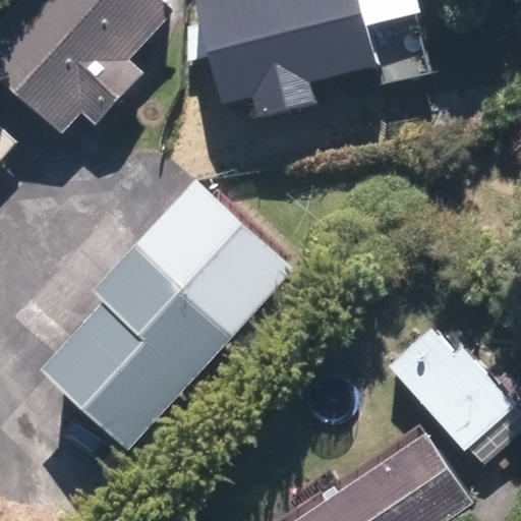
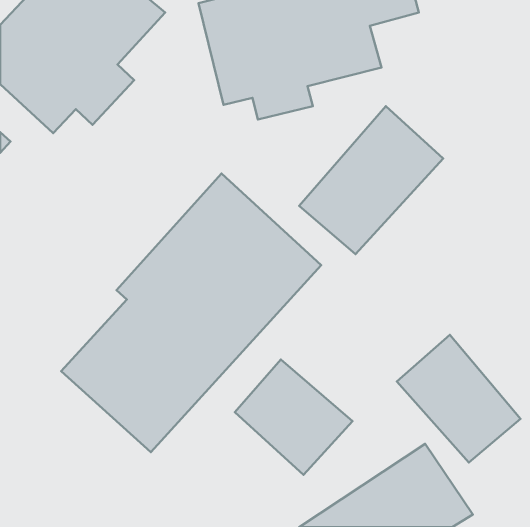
building: none -> [299,106,443,254]
building: none -> [235,359,353,475]

